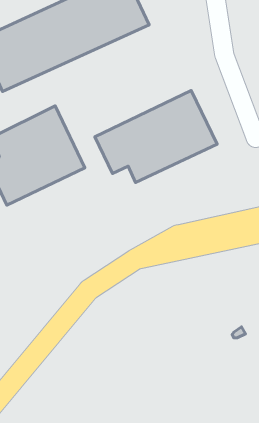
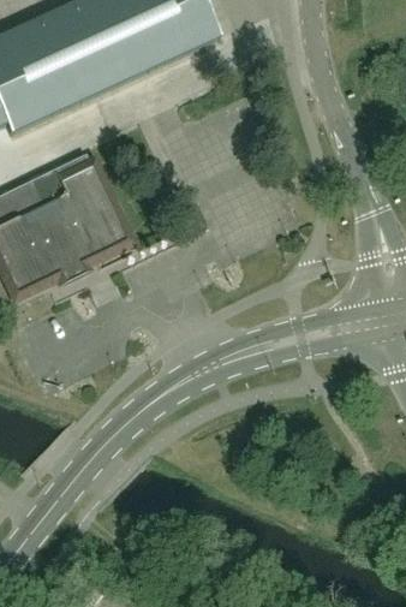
building: [95,90,217,183] -> none

